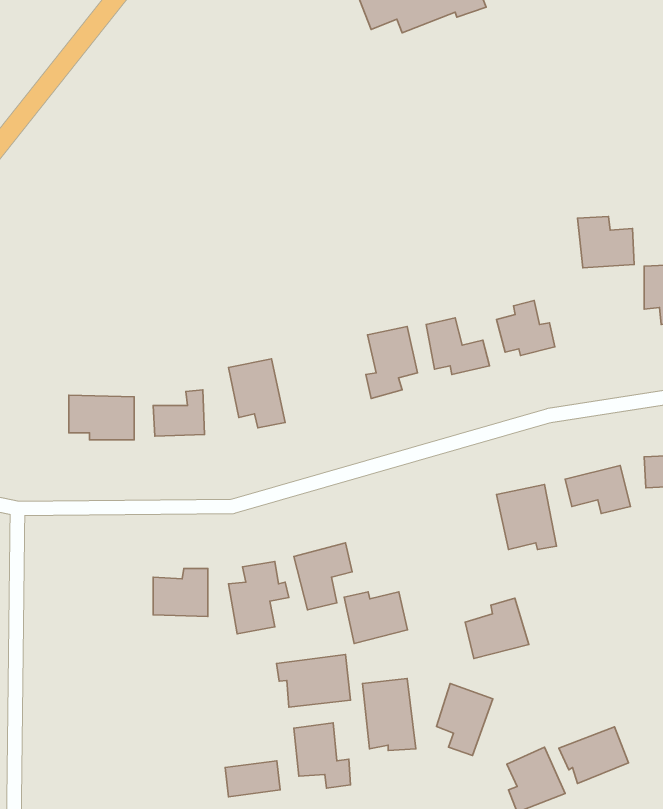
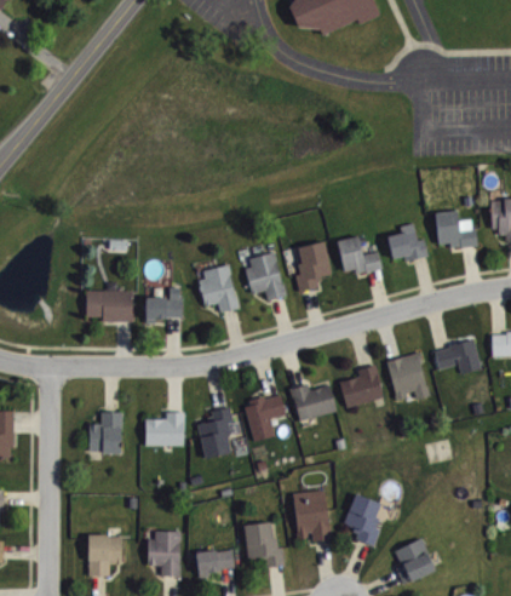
building: [578,216,634,268] -> [436,211,476,247]
building: none -> [245,251,286,300]
building: none -> [88,411,122,453]
building: [344,592,408,644] -> [292,384,337,420]
building: [465,598,529,658] -> [340,365,385,407]
building: [277,654,350,707] -> none
building: [559,727,628,783] -> none
building: none -> [148,531,180,575]
building: none -> [88,535,122,575]

